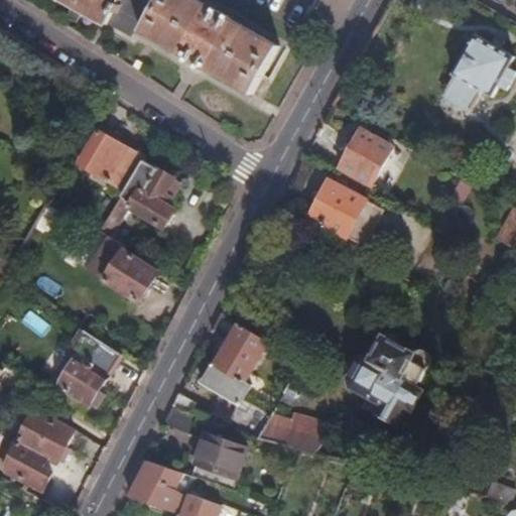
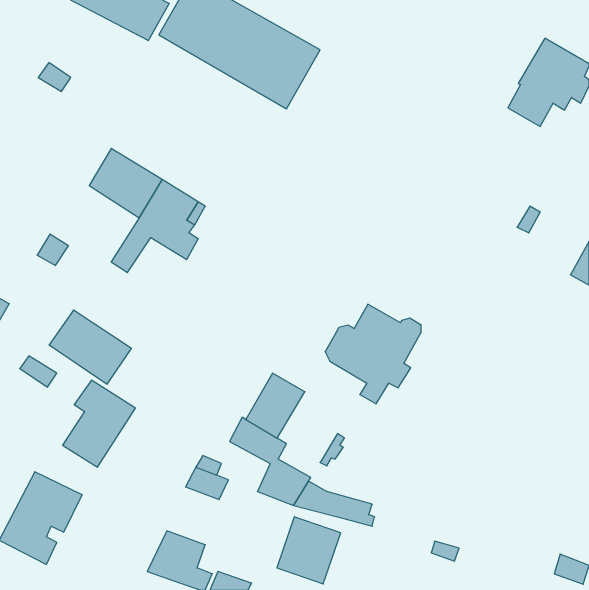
building: [338,129,394,186] -> none
building: [306,179,364,237] -> none
building: [84,238,155,302] -> [49,310,131,384]
building: [346,338,429,424] -> [325,304,421,404]
building: [189,433,245,492] -> [277,517,341,584]

